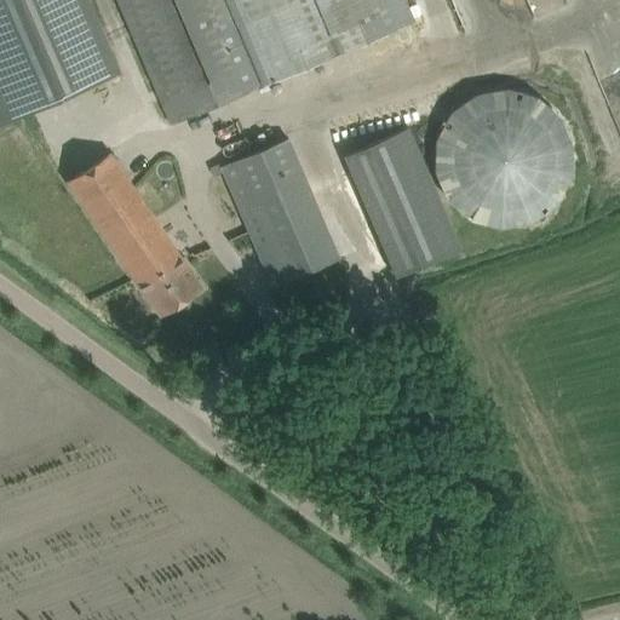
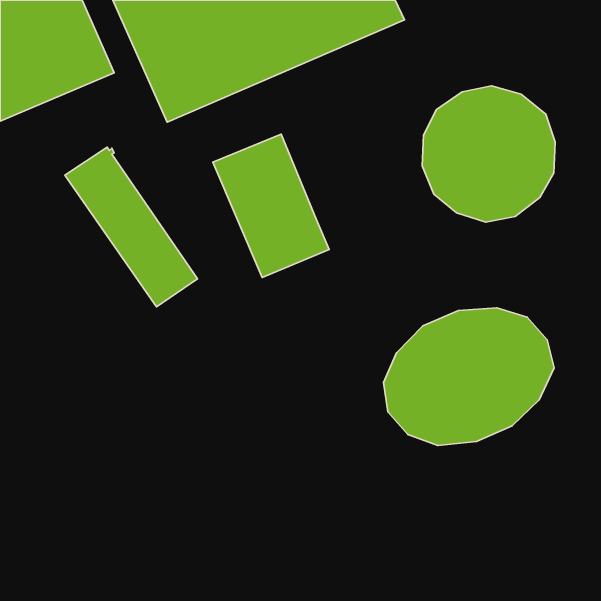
building: [344,127,460,275] -> none
building: none -> [384,308,554,445]

